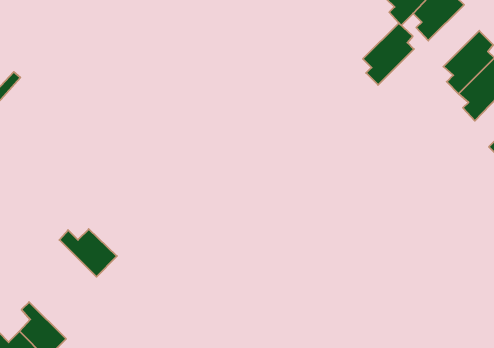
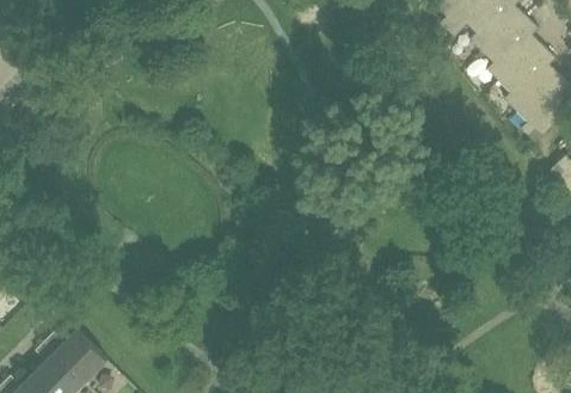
building: [363,23,414,85] -> [485,13,541,81]
building: [59,229,117,277] -> [45,328,109,381]

